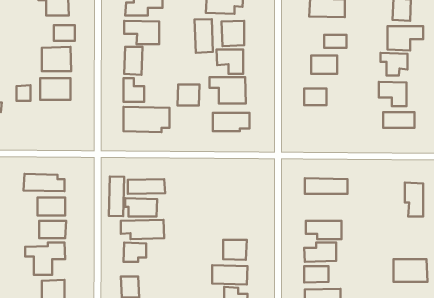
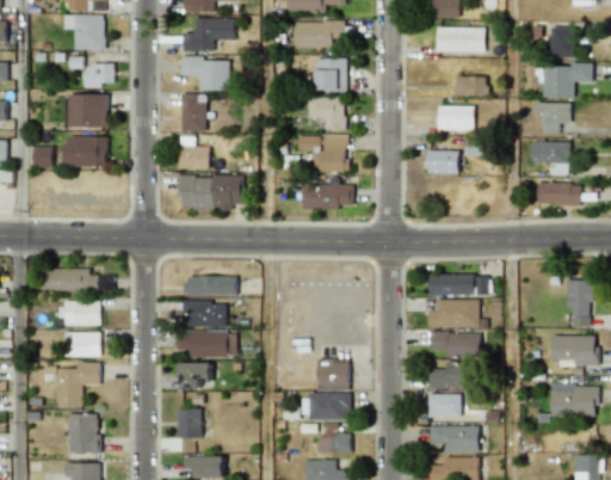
building: [194,19,213,53] -> none
building: [177,84,200,106] -> none
building: [109,177,124,216] -> none
building: none -> [430,299,479,327]
building: none -> [550,336,598,364]

